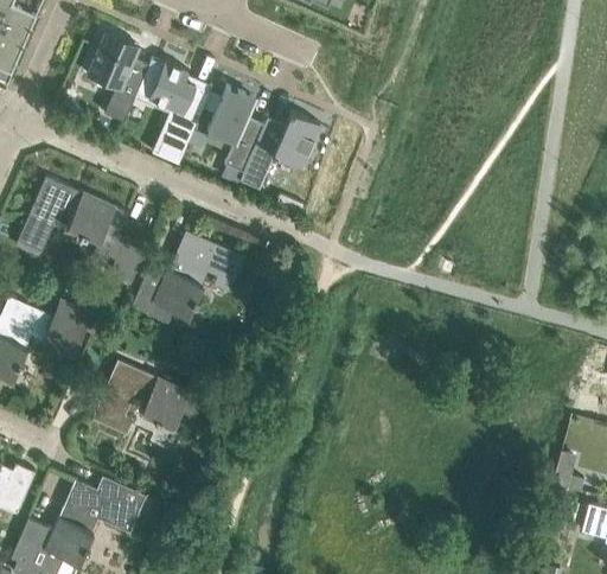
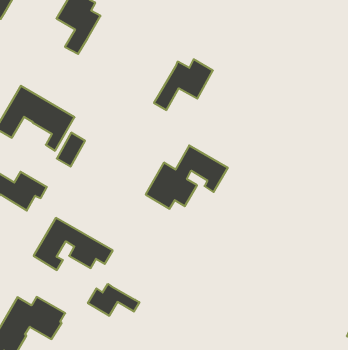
building: [134,59,210,164] -> none
building: [207,87,264,172] -> none
building: [130,231,244,325] -> [146,145,228,209]
building: none -> [88,284,139,316]

